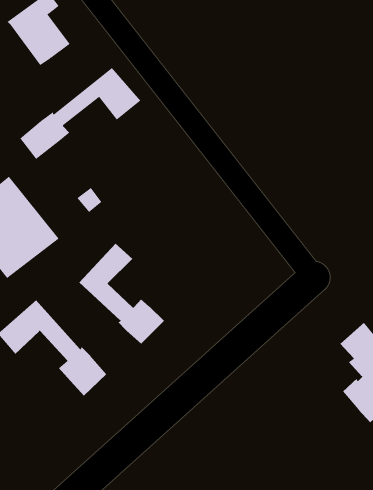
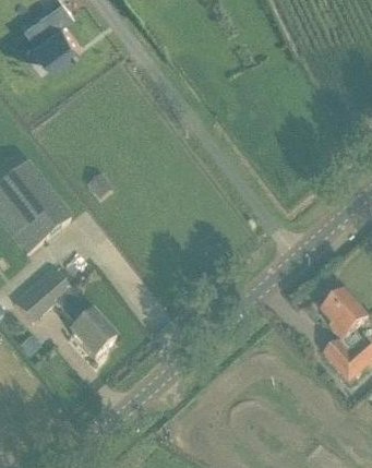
building: [19,67,141,160] -> none
building: [79,243,165,345] -> none

